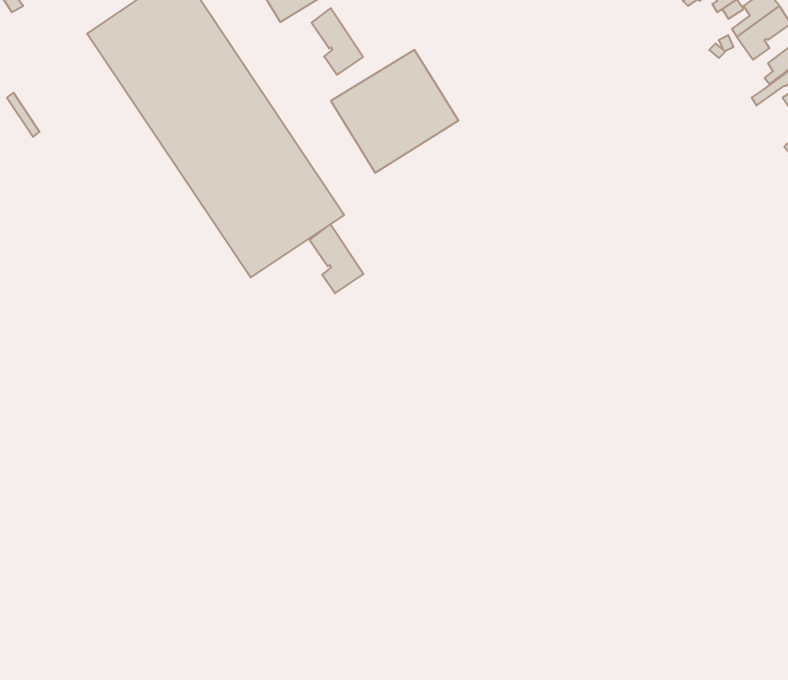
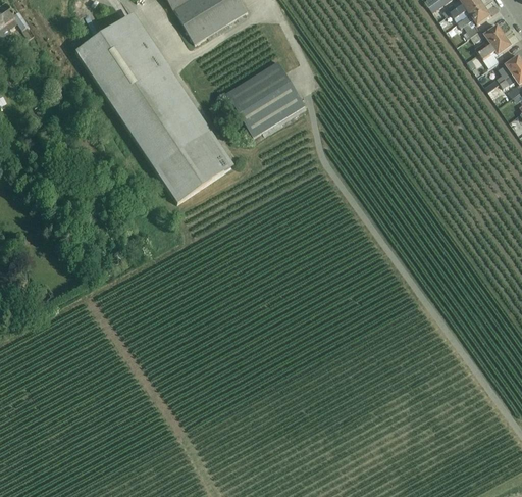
building: [311,8,363,75] -> none
building: [310,224,363,293] -> none

